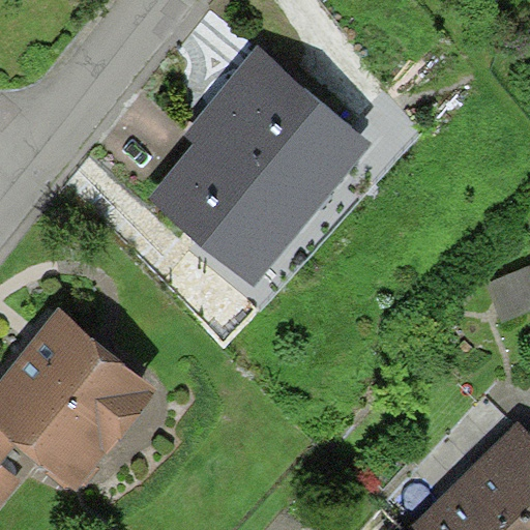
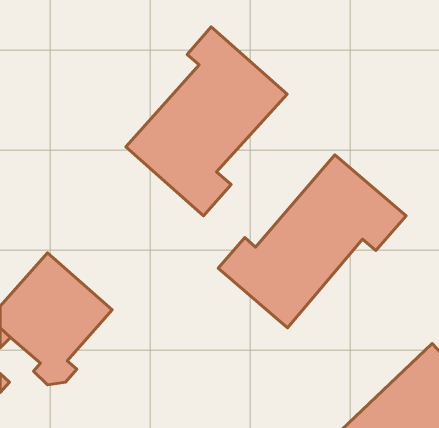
building: none -> [218,155,406,328]

